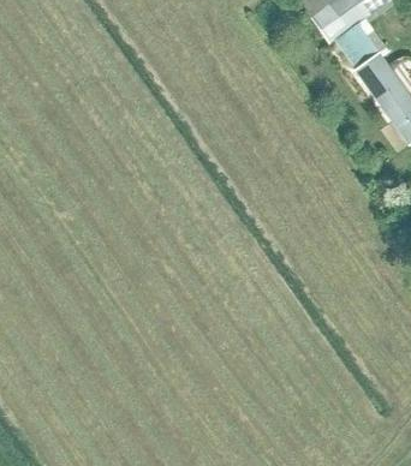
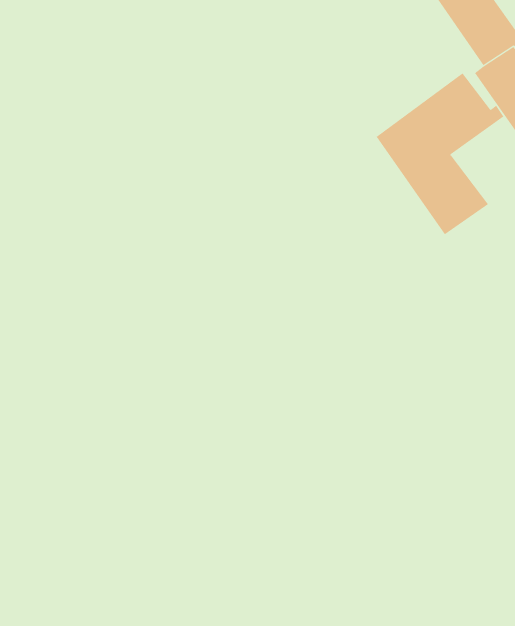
building: none -> [376,73,504,235]

